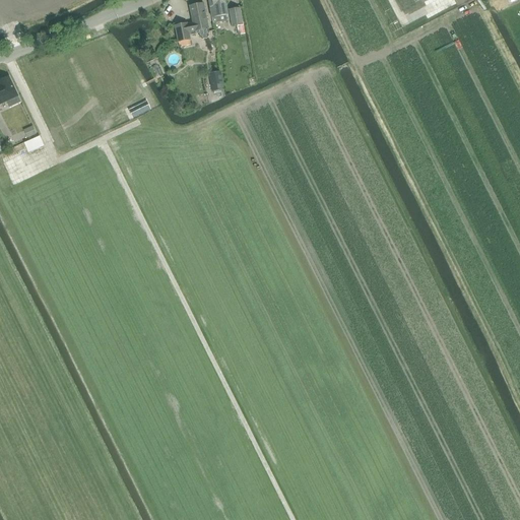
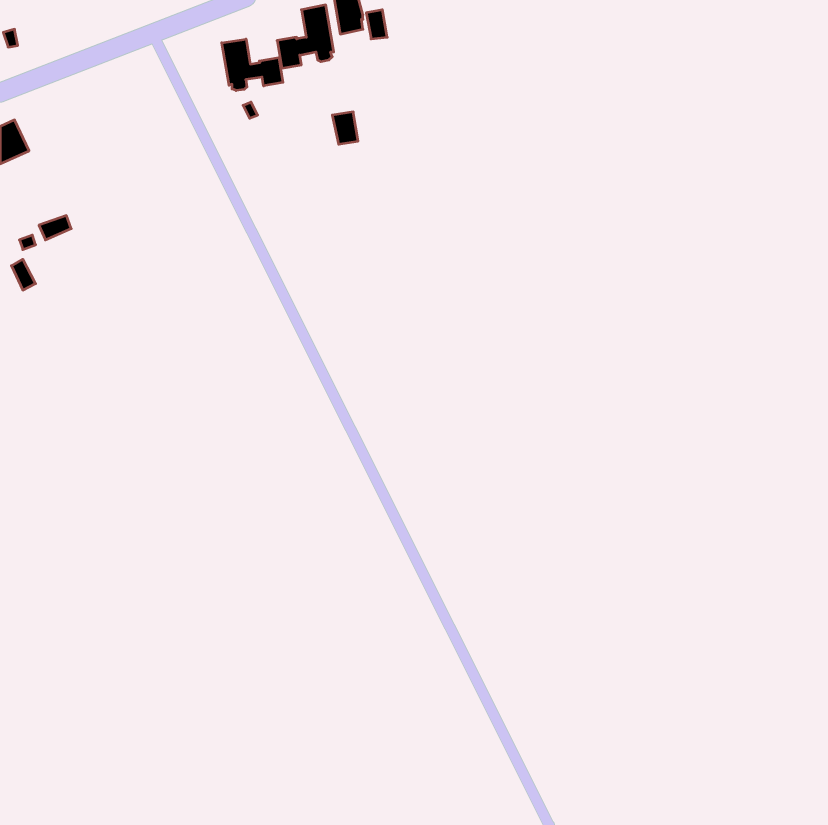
building: none -> [222,39,283,91]

